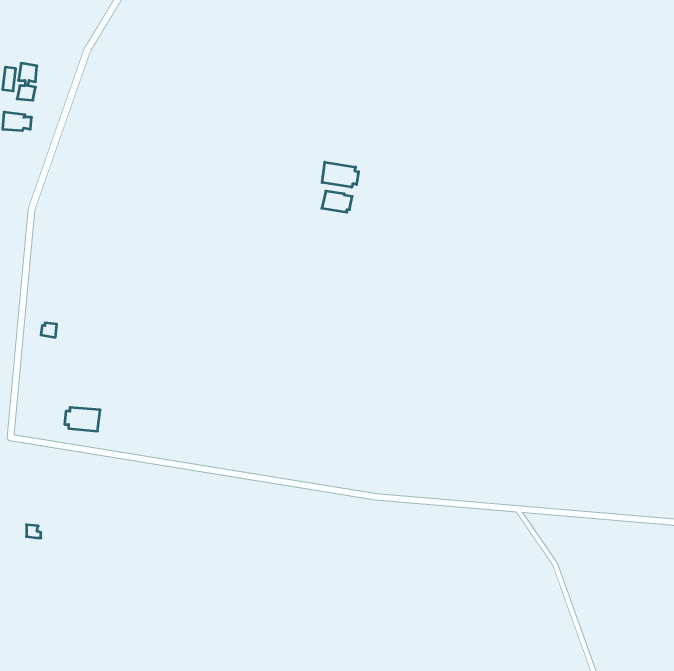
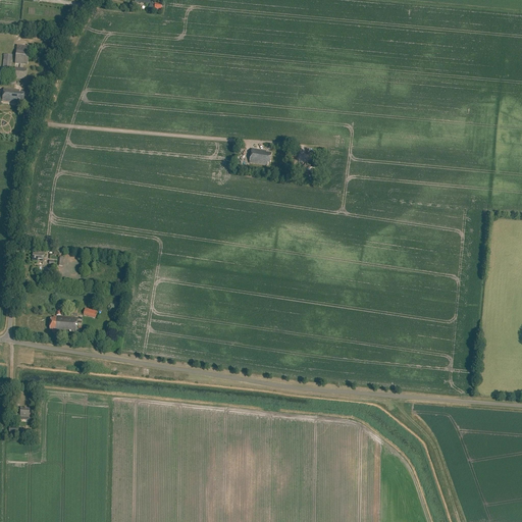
building: [322,162,359,187] -> none

